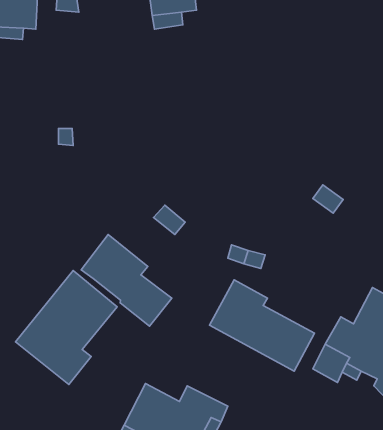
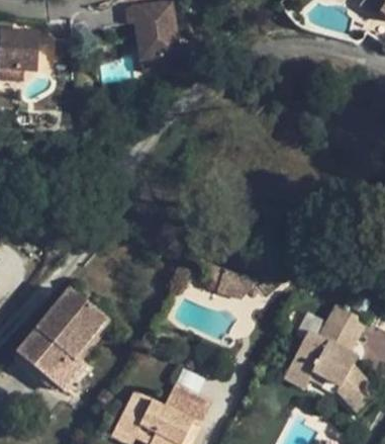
building: [81,234,172,326] -> none
building: [209,280,314,371] -> none

